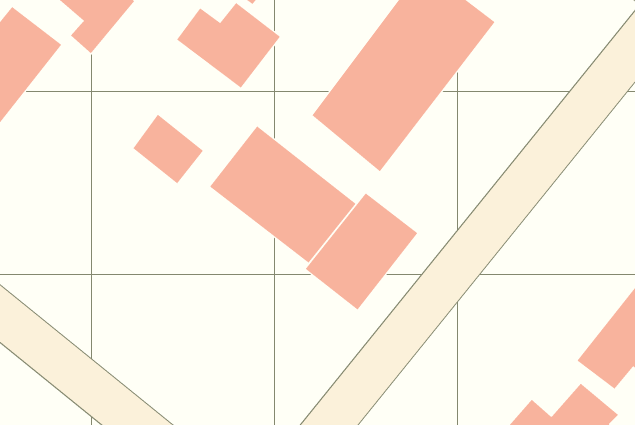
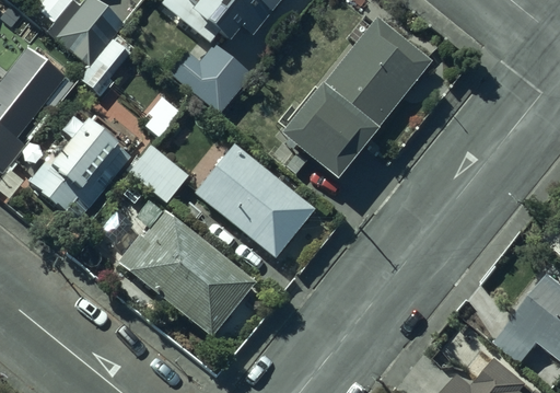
building: none -> [32,117,133,222]
building: [305,193,418,310] -> none
building: none -> [119,208,255,337]

